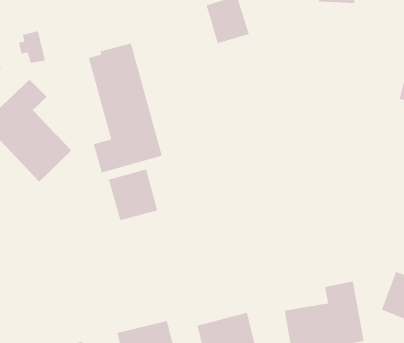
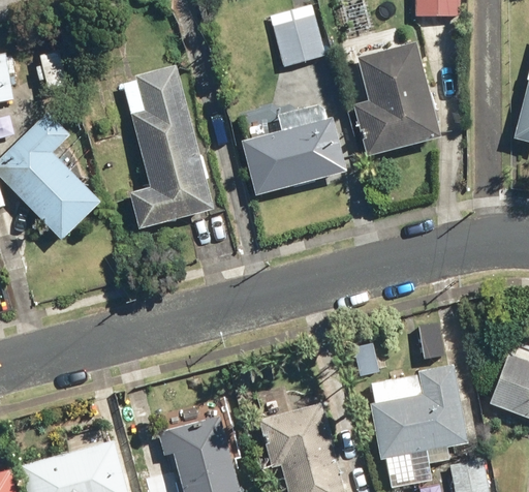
building: none -> [353,42,439,157]
building: none -> [240,103,348,194]
building: [108,169,158,221] -> none

